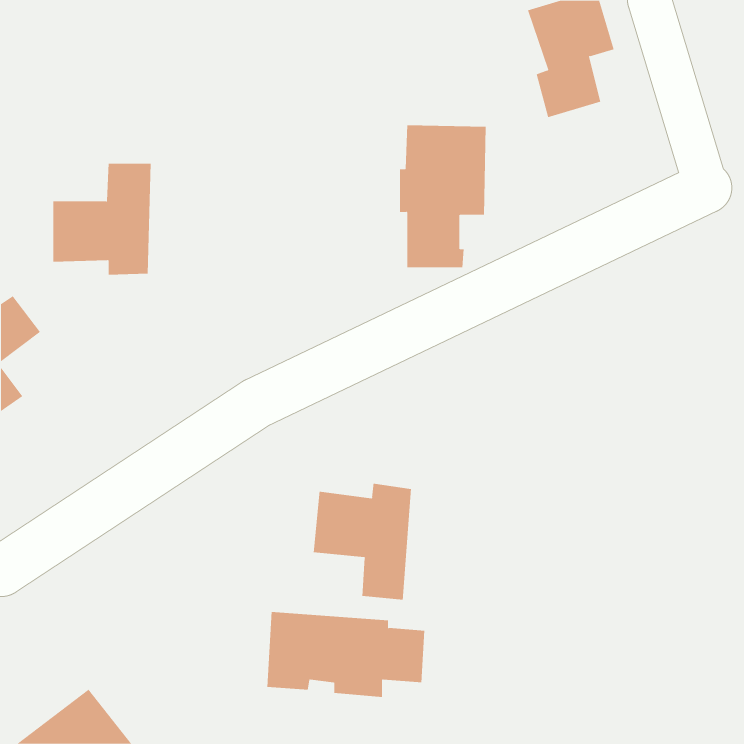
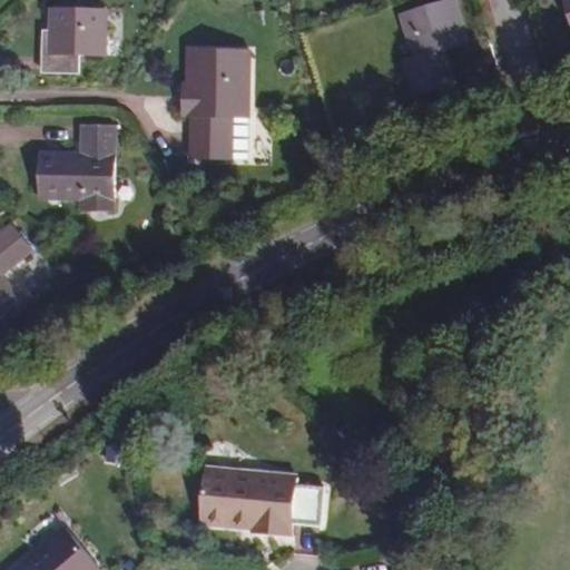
building: none -> [37,10,101,75]
building: [399,125,486,268] -> [181,46,248,155]
building: [313,483,412,601] -> none

